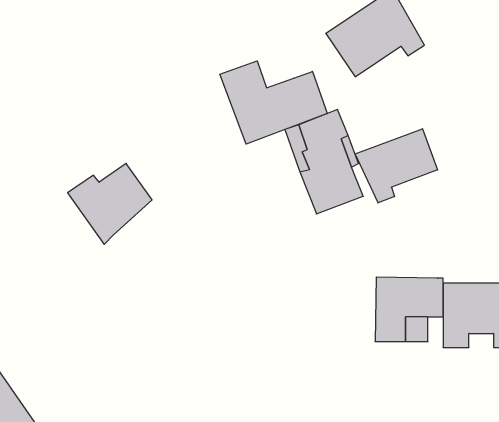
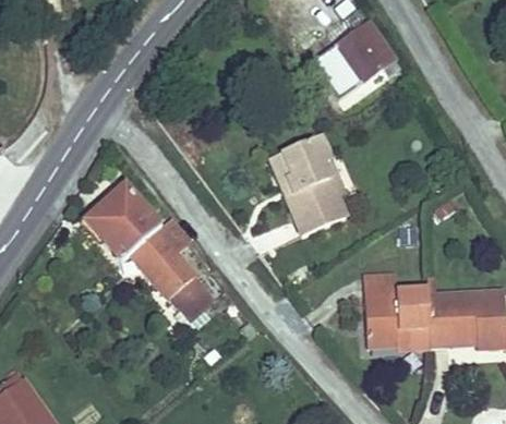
building: [220,61,327,144] -> none
building: [355,129,438,203] -> none
building: none -> [119,207,209,328]

